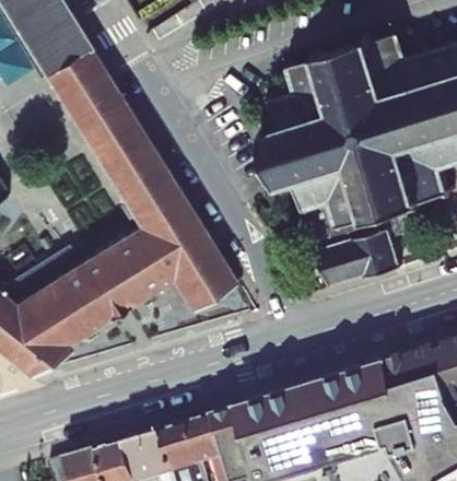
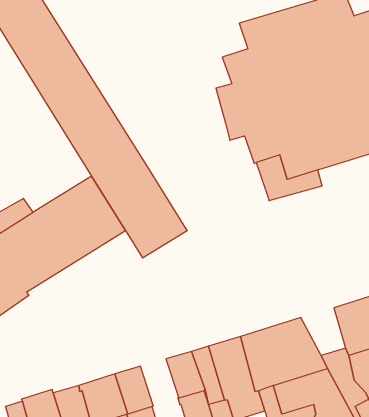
building: [321,231,402,288] -> none
building: [354,361,400,410] -> none
building: [189,413,229,461] -> none

